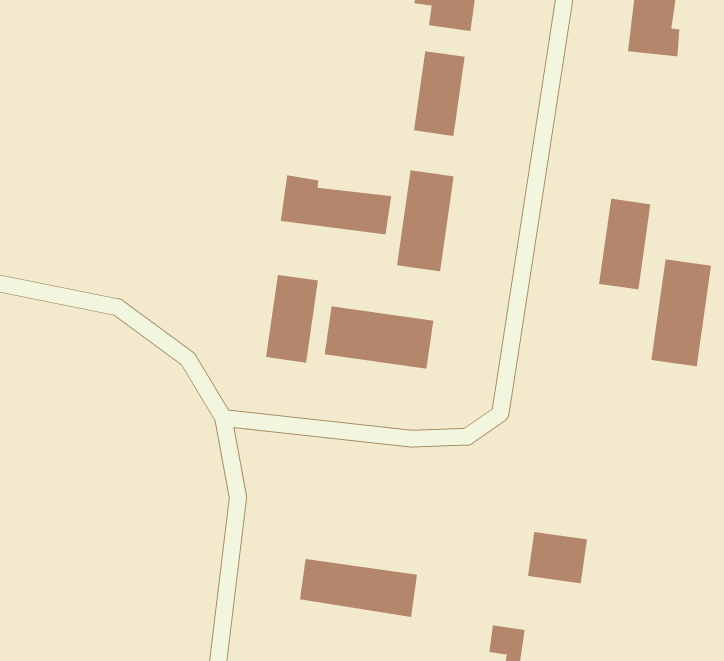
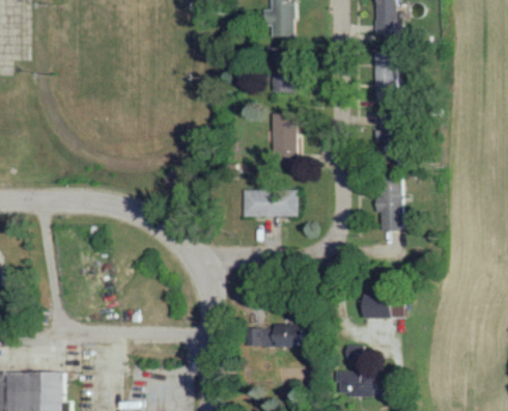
building: none -> [375,52,397,101]
building: [280,175,392,235] -> none
building: [651,259,712,367] -> [378,176,403,230]
building: [266,274,318,363] -> none

